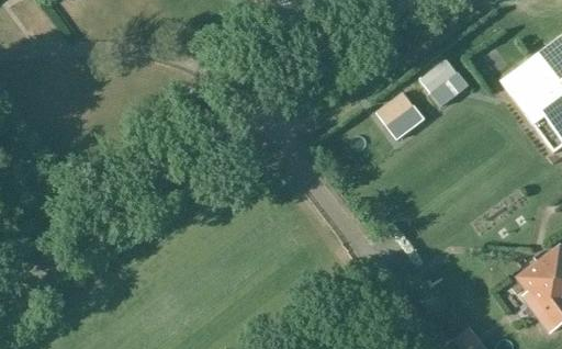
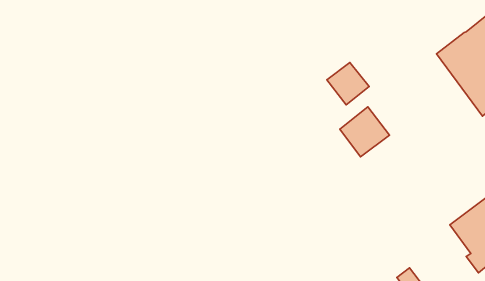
building: [419,57,468,105] -> none
building: none -> [340,107,390,157]

